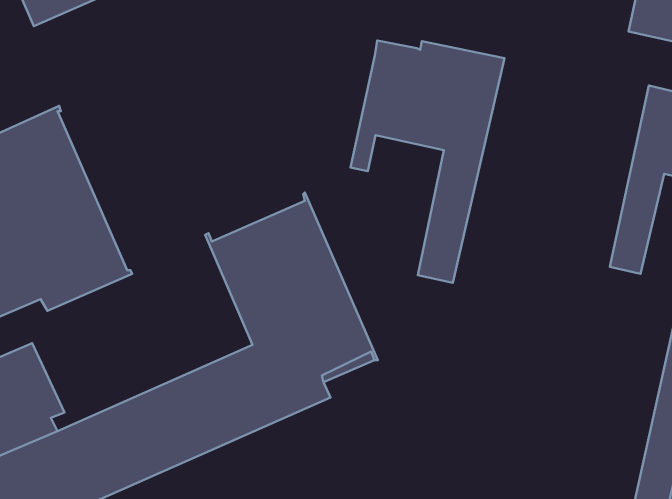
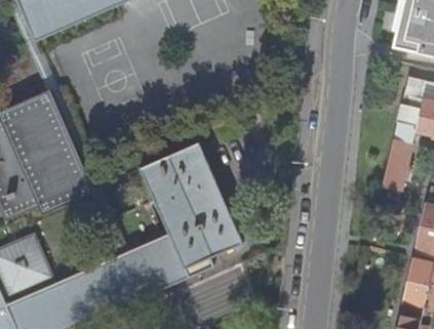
building: [350,40,504,283] -> none

